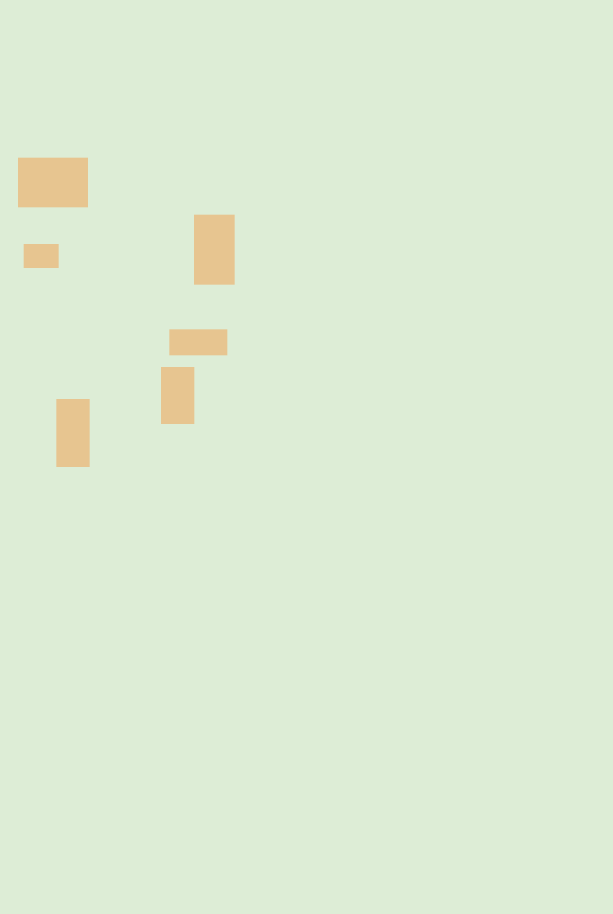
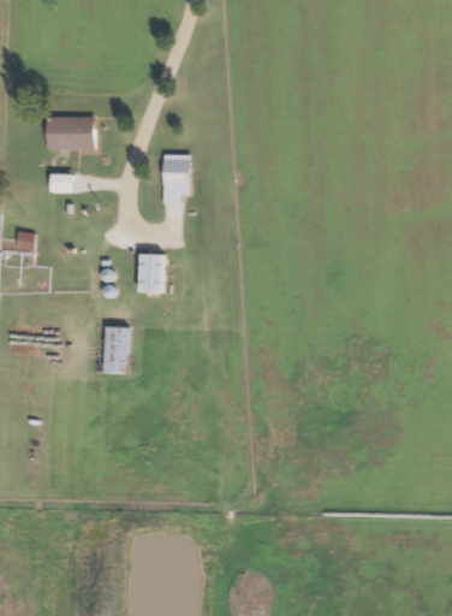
building: [168,328,228,356] -> none
building: [56,398,90,468] -> [105,326,127,372]

